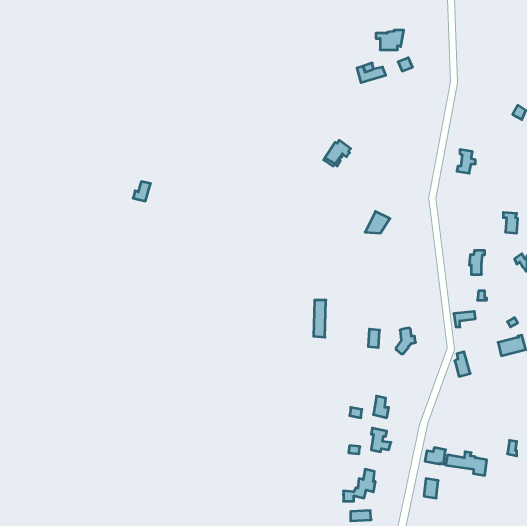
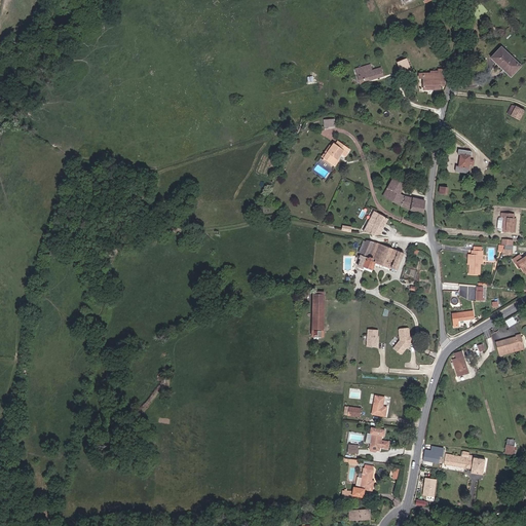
building: [376,30,404,50] -> [419,69,447,88]
building: none -> [492,46,521,75]
building: none -> [383,178,425,212]
building: none -> [359,239,404,272]

